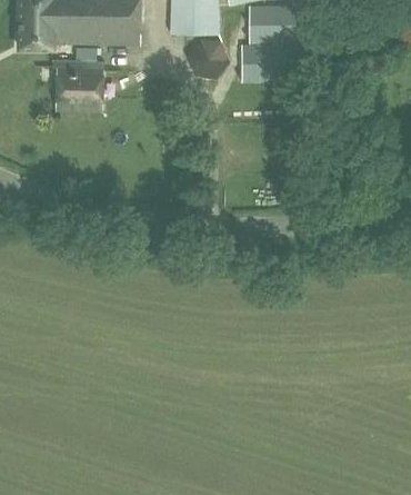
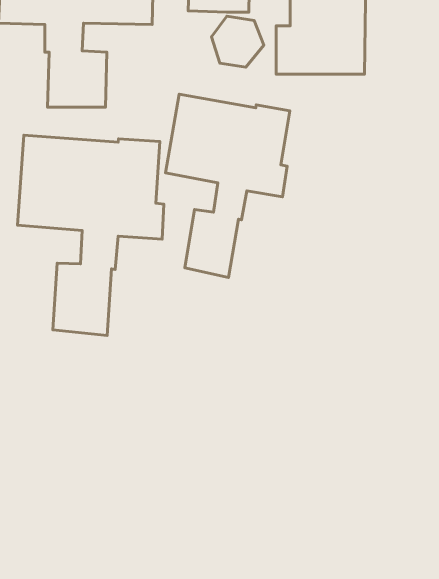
building: none -> [166,94,290,278]
building: none -> [17,135,164,336]

